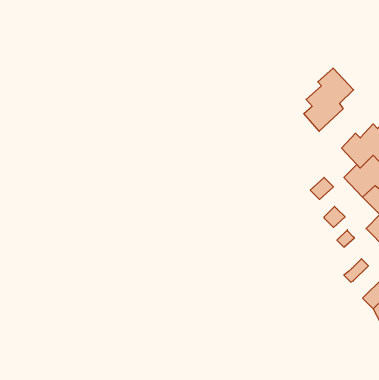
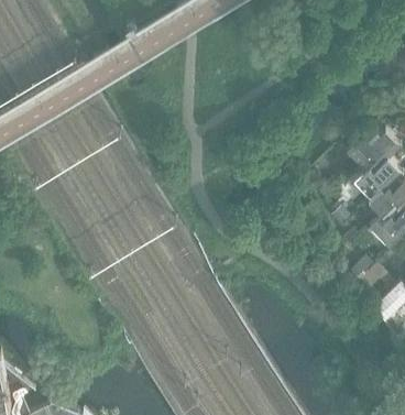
building: [304,68,354,131] -> none

